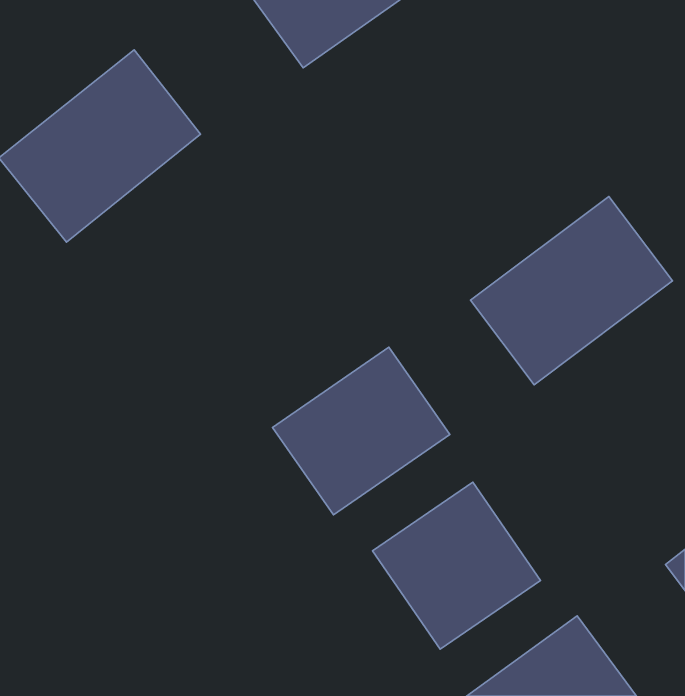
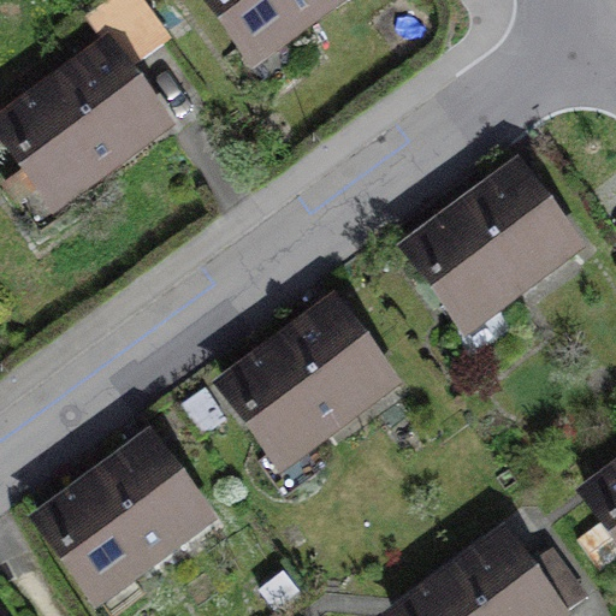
building: [372,482,541,649] -> none
building: none -> [45,436,218,600]

